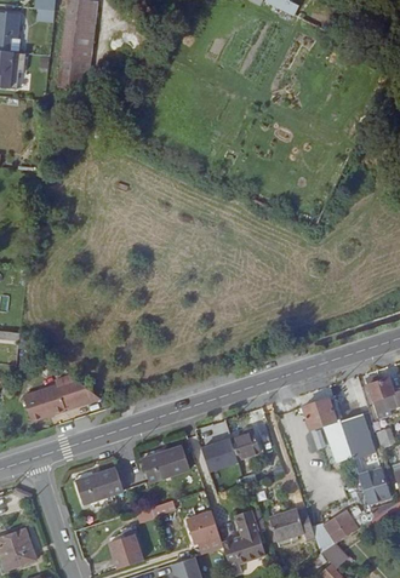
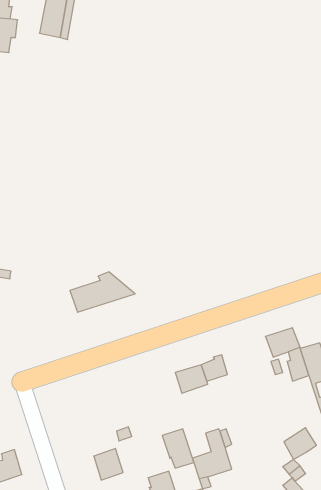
building: [24,376,97,420] -> [70,272,135,312]
building: [141,445,188,480] -> none
building: [74,465,120,500] -> none
building: [270,505,314,538] -> none

